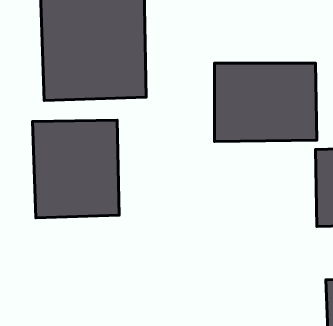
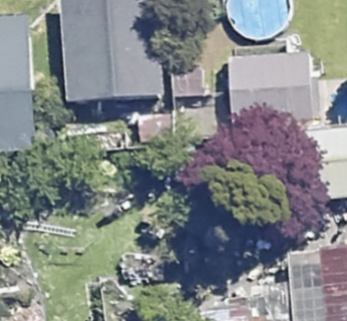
building: [33,120,119,218] -> none

